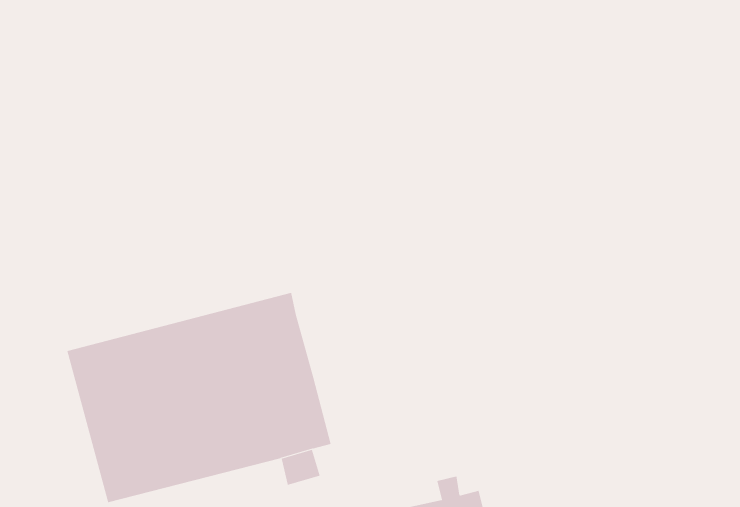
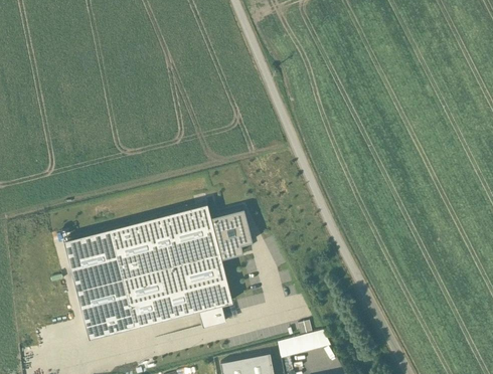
building: none -> [209,210,252,259]

